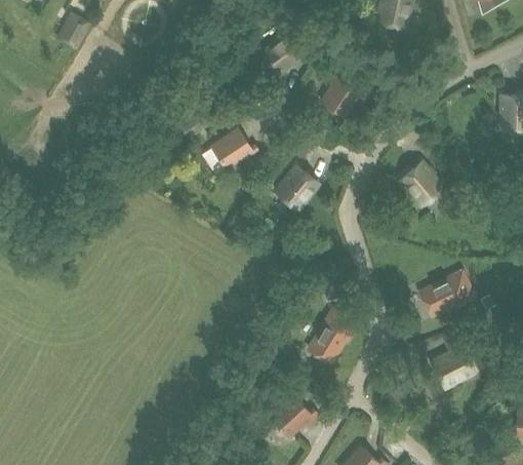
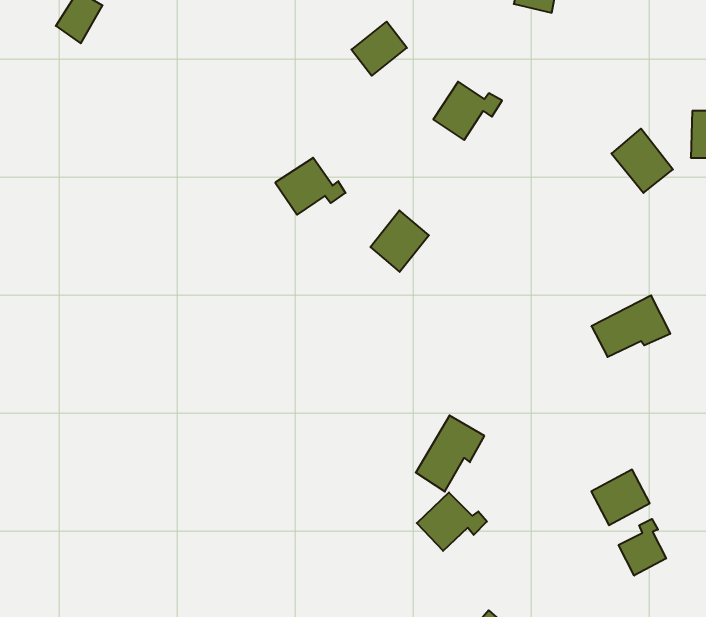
building: [398,159,441,204] -> [611,129,673,193]
building: [420,270,476,313] -> [591,295,670,357]
building: none -> [619,519,666,576]
building: [270,395,319,436] -> [417,492,487,551]

